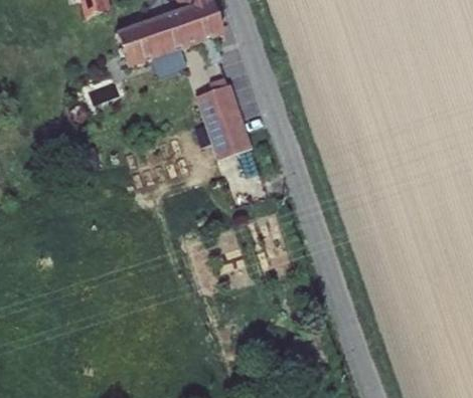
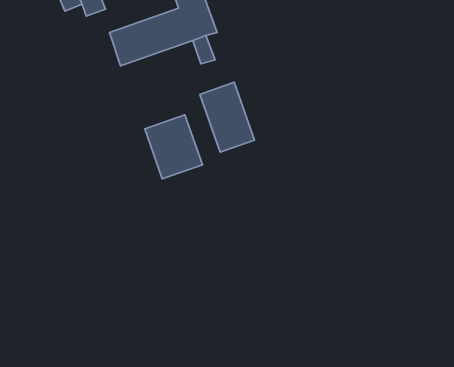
building: none -> [145,115,202,179]

